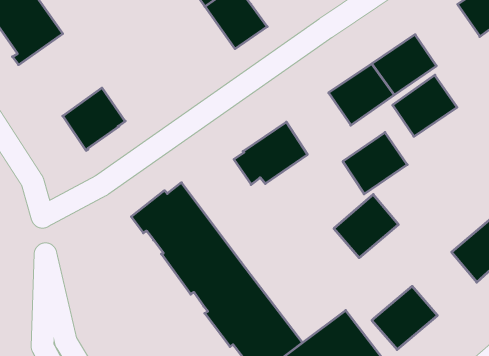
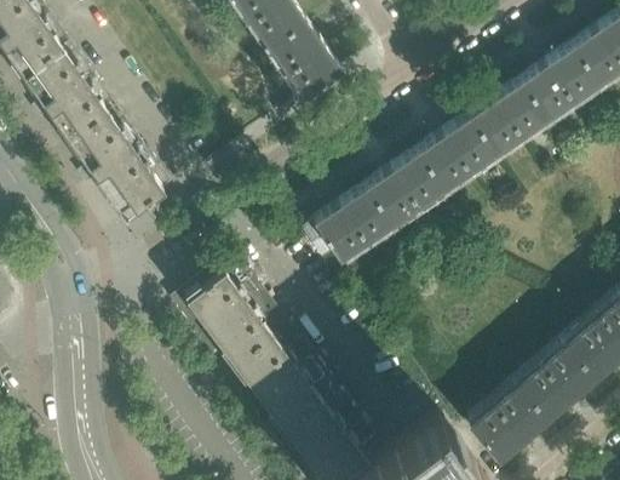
building: none -> [44,84,144,188]
building: [393,75,457,136] -> [521,48,598,122]
building: [343,132,407,194] -> [366,155,443,229]
building: [334,194,398,258] -> [517,347,595,423]

